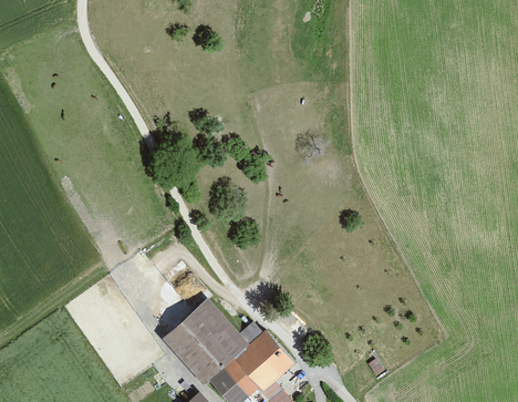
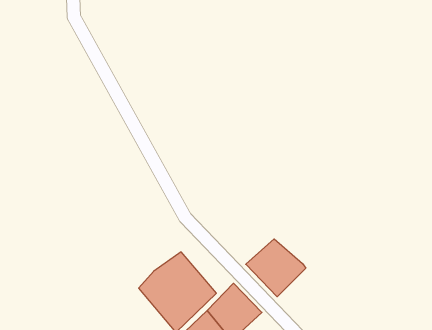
building: none -> [246,239,306,297]

